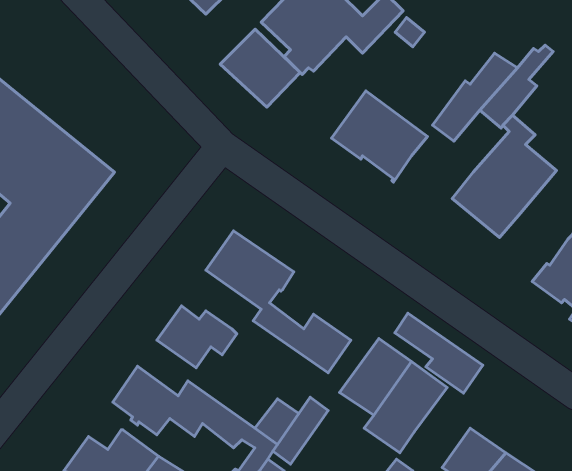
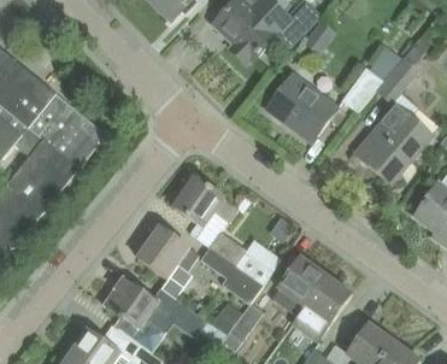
building: [220,29,300,107] -> none
building: [395,313,483,393] -> [198,243,263,303]

